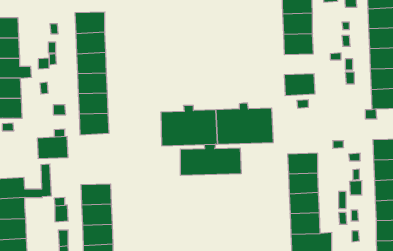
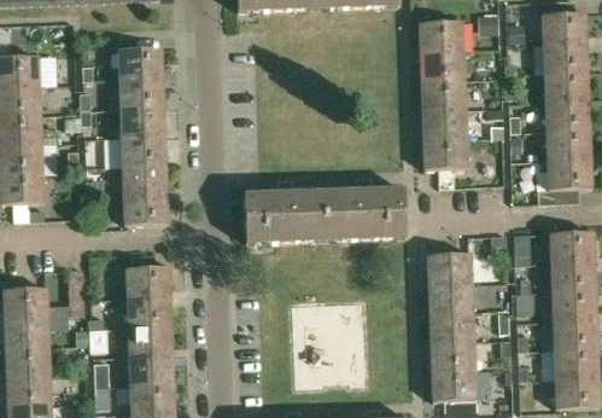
building: none -> [421,108,464,138]
building: [37,137,68,158] -> [125,266,170,297]
building: [180,144,241,175] -> none

